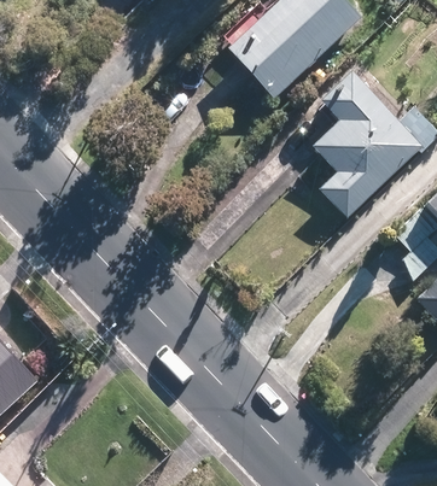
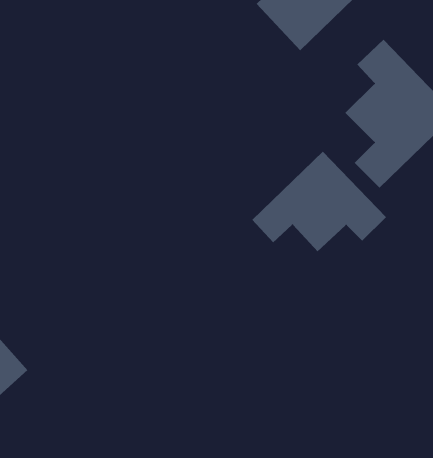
building: none -> [251,151,387,252]

